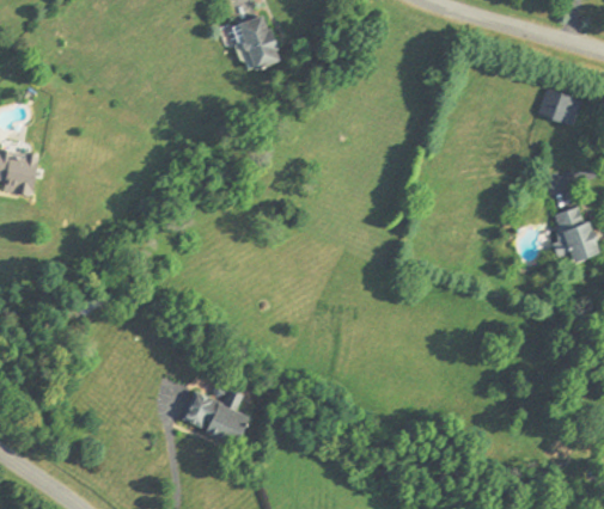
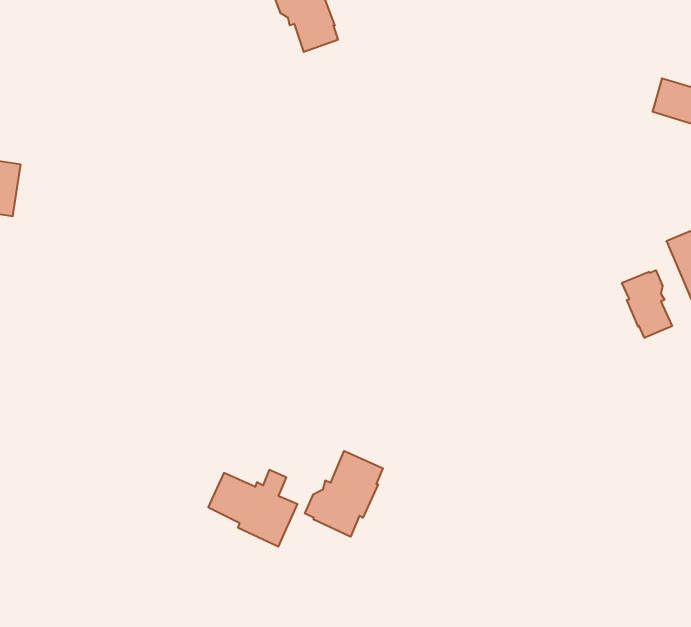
building: none -> [622,270,672,338]
building: none -> [305,451,383,537]

